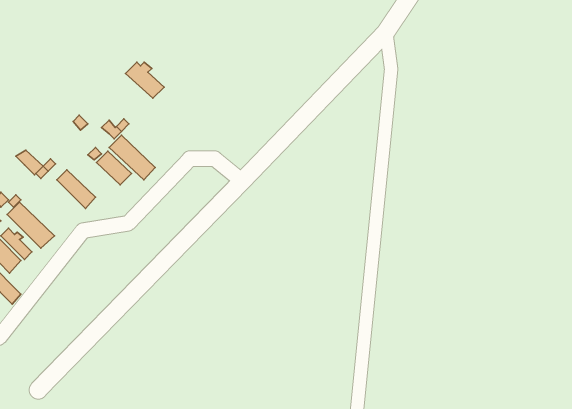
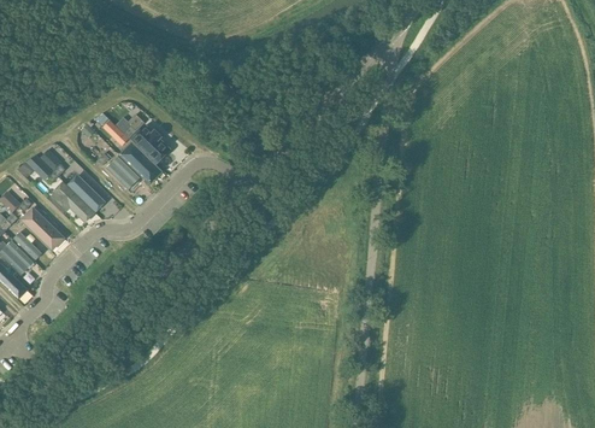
building: [126,62,164,98] -> [132,128,170,163]
building: none -> [52,180,93,222]

